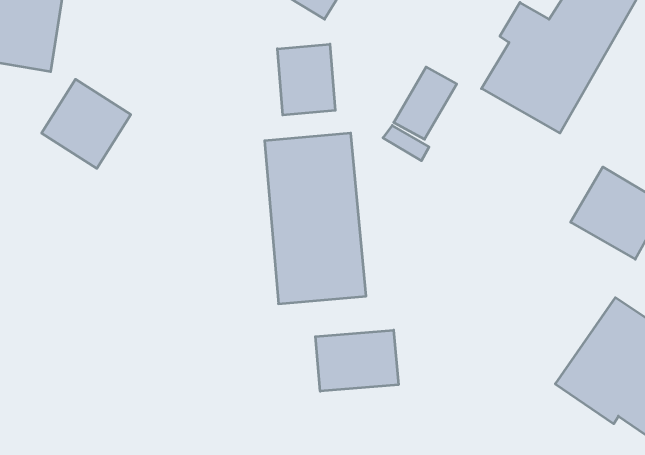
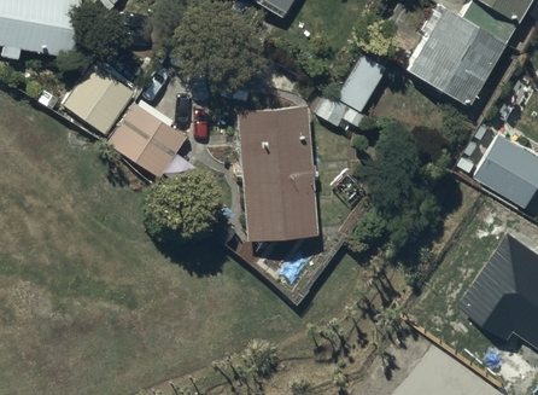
building: [277,44,335,115] -> none
building: none -> [110,105,187,179]
building: [315,330,398,391] -> none

